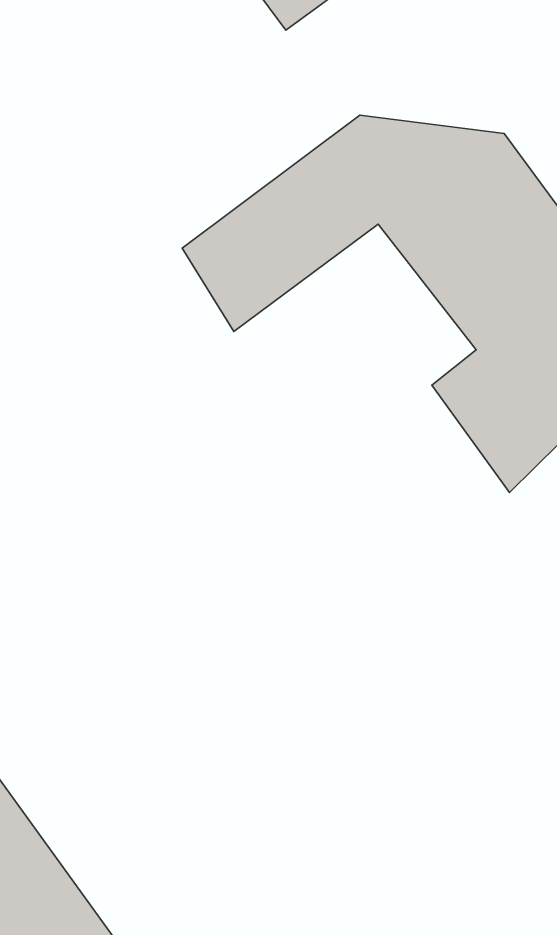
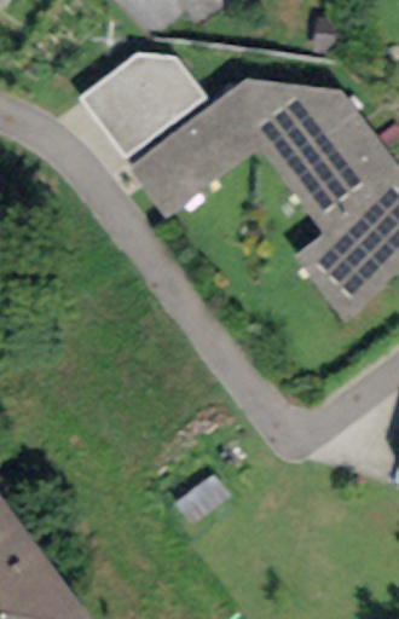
building: none -> [79,52,206,154]

